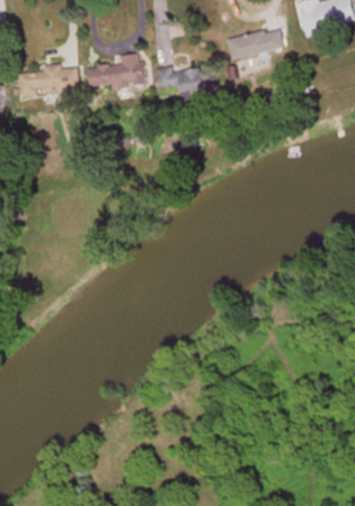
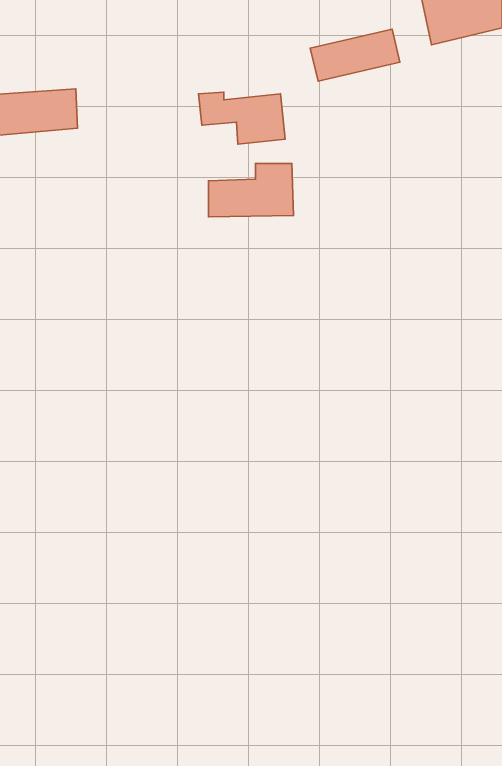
building: [89,54,143,88] -> [208,164,293,217]

